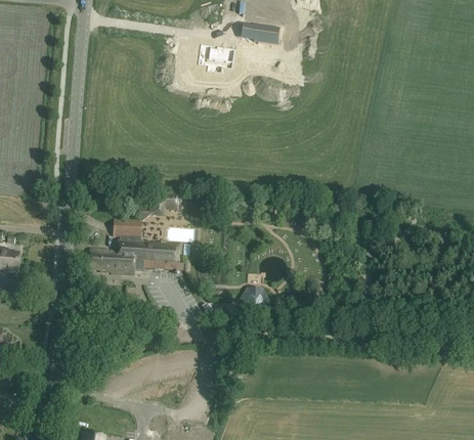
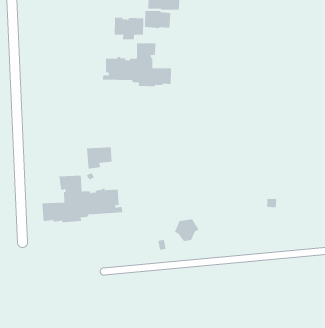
building: none -> [145,10,171,29]
building: none -> [103,43,172,87]

